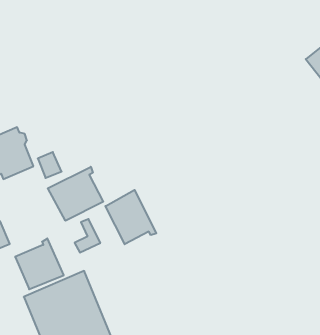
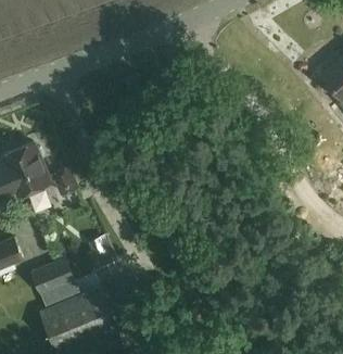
building: [48,167,103,221] -> none
building: [105,190,156,244] -> none

